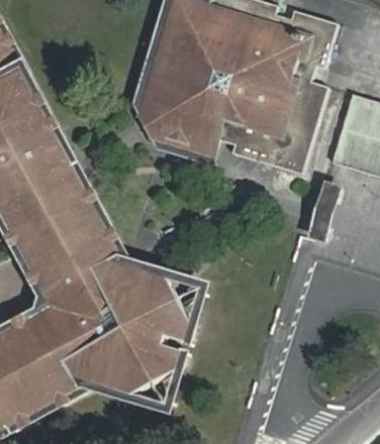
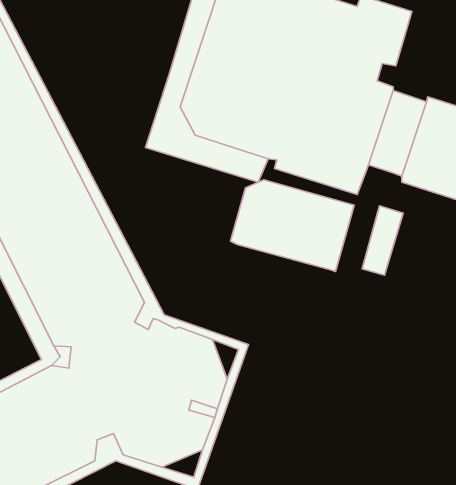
building: none -> [231,180,354,271]

